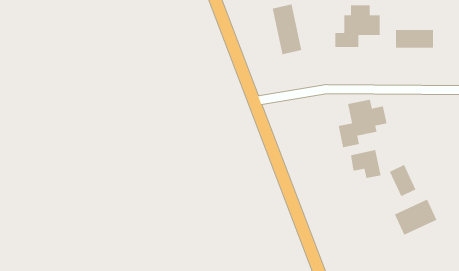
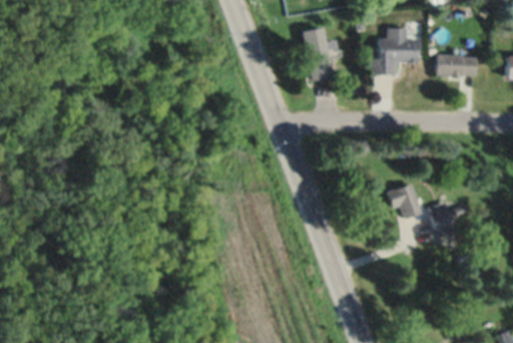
building: [338,99,387,148] -> none
building: [394,199,438,236] -> none

